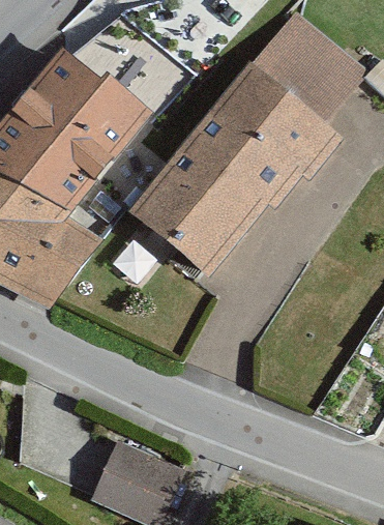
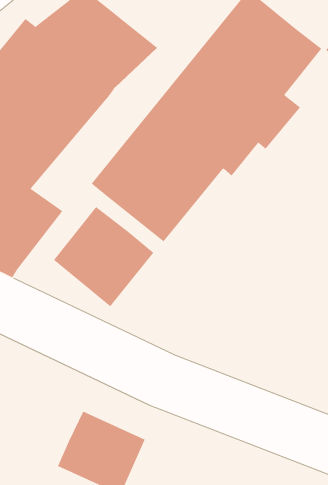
building: none -> [53,206,154,307]

